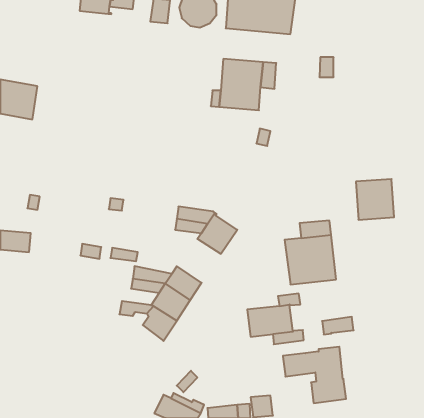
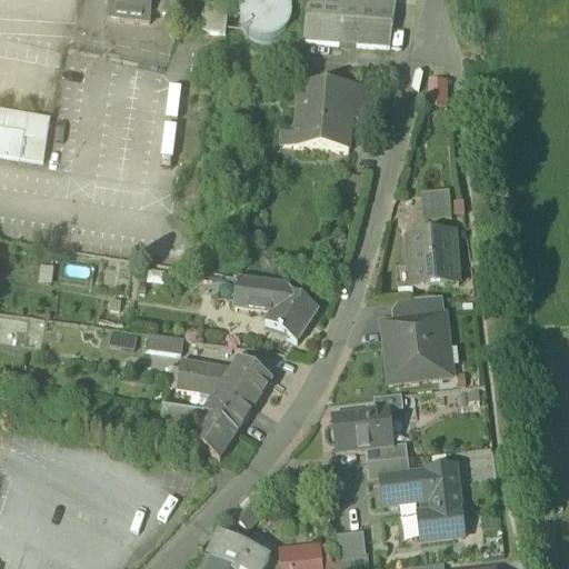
building: none -> [425,190,453,221]
building: [356,179,394,220] -> [408,230,459,284]
building: [322,317,354,334] -> [367,456,409,479]

